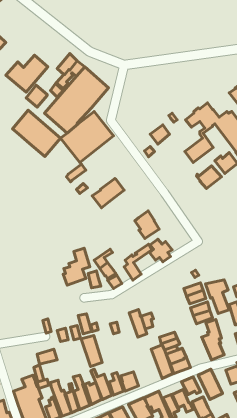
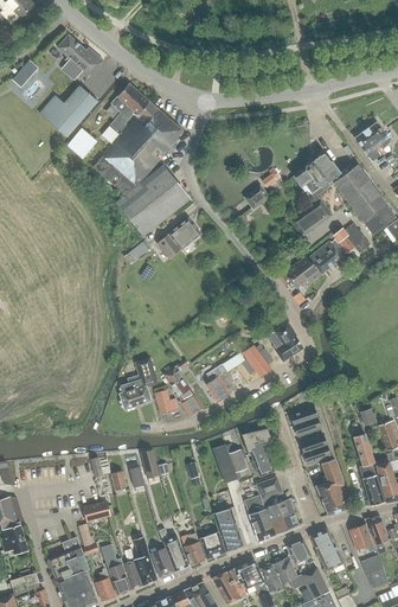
building: none -> [56,34,102,78]
building: [12,110,61,157] -> none
building: none -> [283,256,321,288]
building: [92,178,124,208] -> [155,218,200,260]
building: [135,211,159,239] -> [268,322,302,362]
building: [206,280,229,313] -> [240,429,274,477]
building: [81,335,102,367] -> [212,509,242,552]

